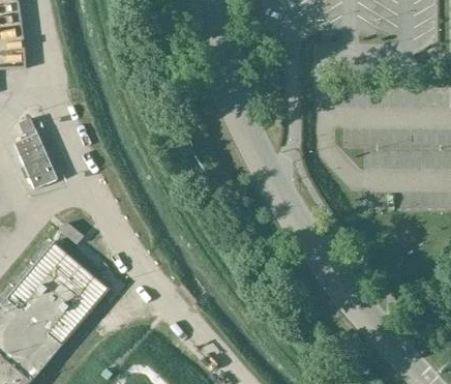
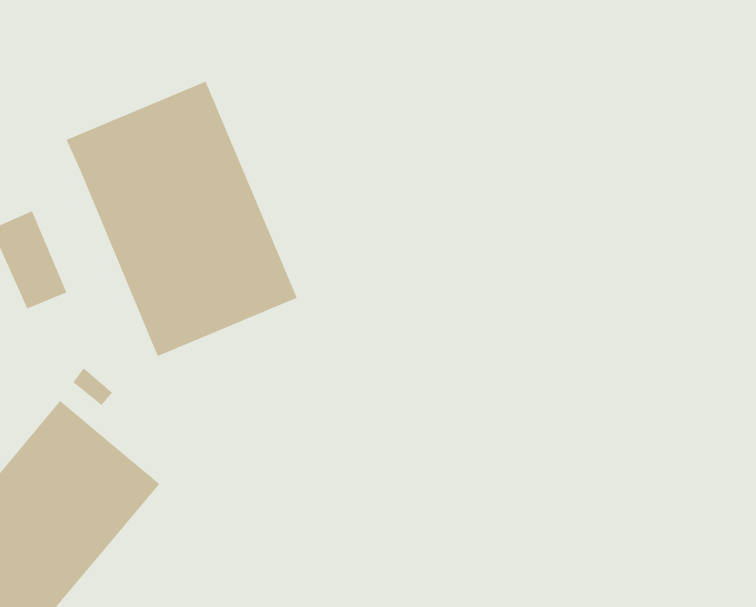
building: none -> [66,81,298,357]

